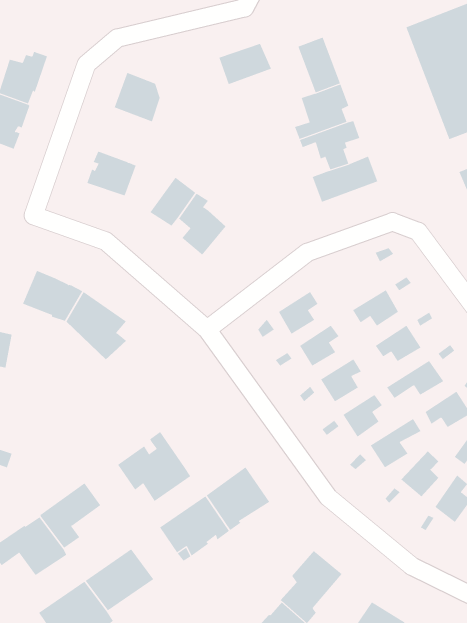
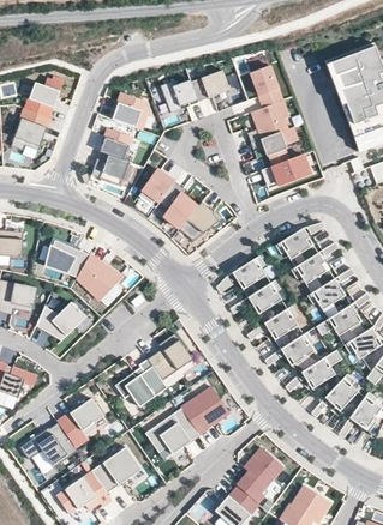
building: none -> [161,80,199,113]
building: none -> [101,128,132,159]
building: none -> [179,201,219,241]
building: none -> [275,230,311,258]
building: none -> [36,300,86,339]
building: none -> [148,333,196,386]

